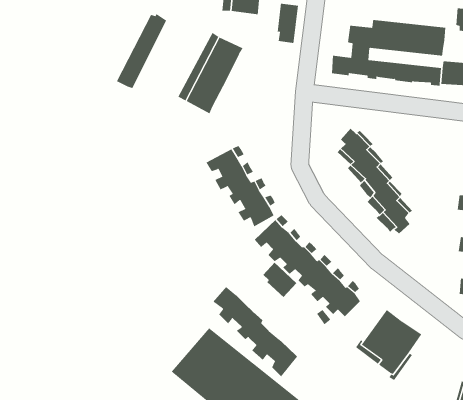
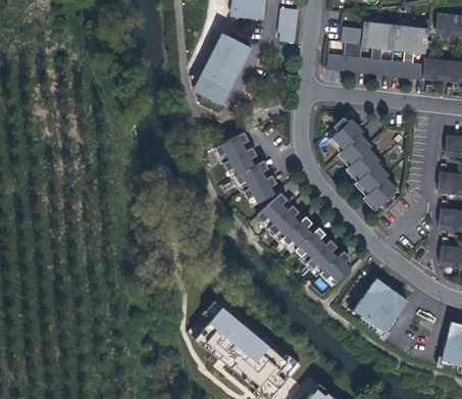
building: [116,13,167,89] -> none
building: [263,262,297,298] -> none
building: [212,286,298,377] -> none

